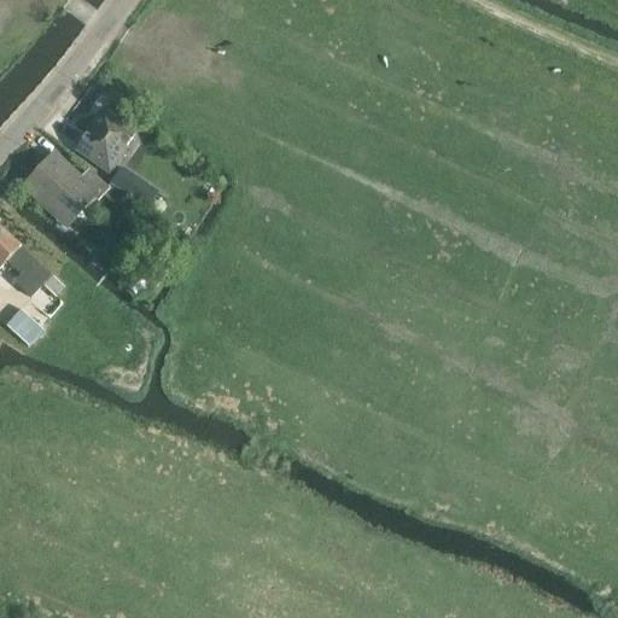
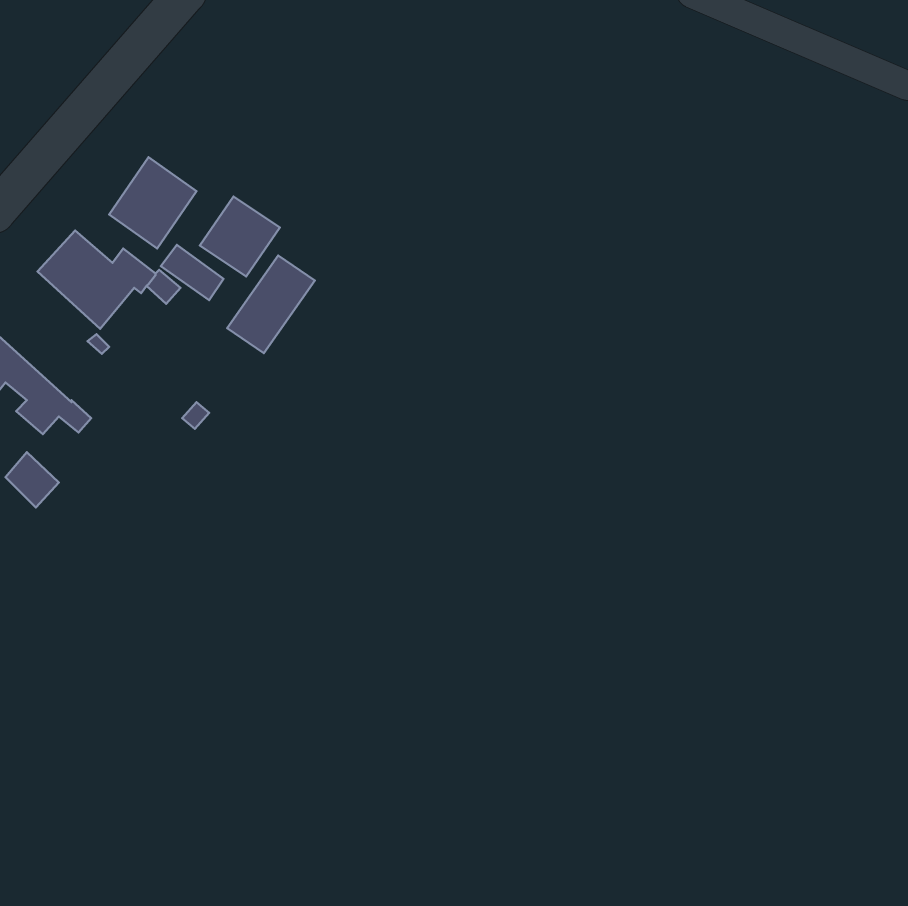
building: none -> [200,197,280,277]
building: none -> [227,256,315,353]

